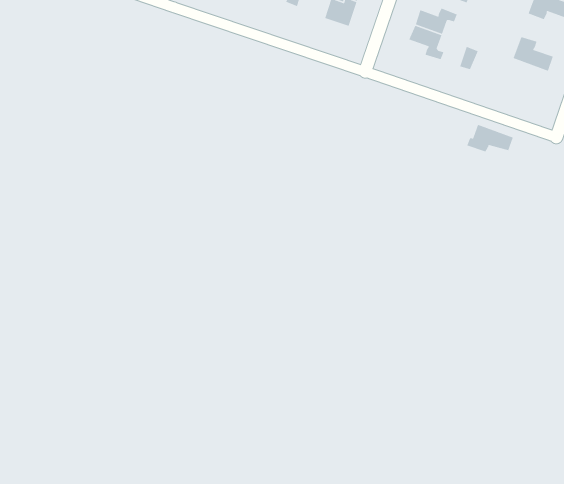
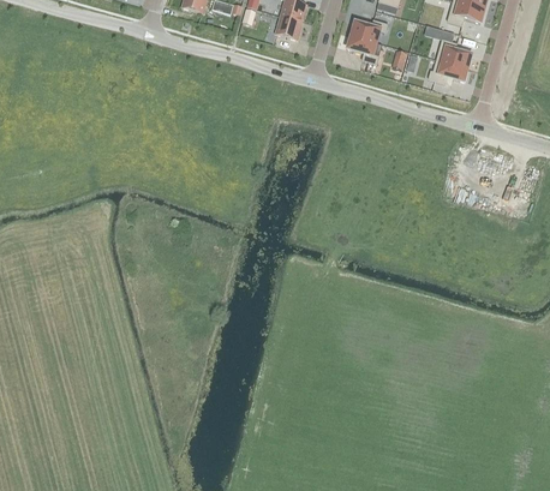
building: [466,124,514,153] -> [428,56,467,80]

